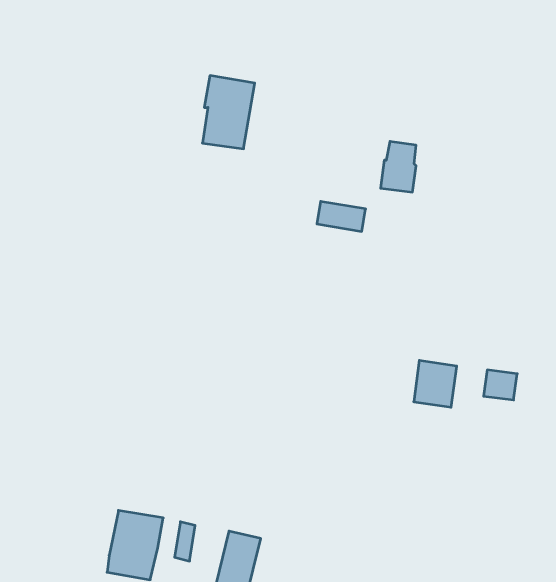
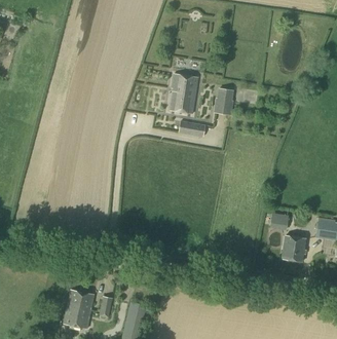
building: [202,76,255,149] -> [170,73,198,113]
building: [414,360,457,407] -> [282,235,305,261]

